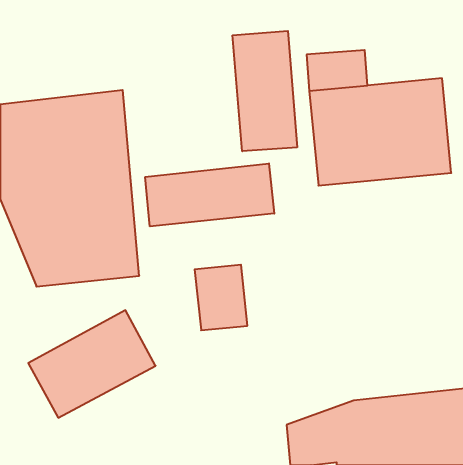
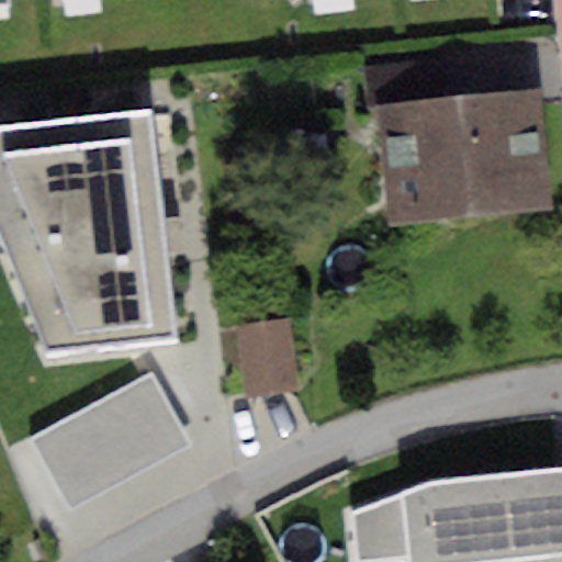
building: [233,31,297,151] -> none
building: [145,163,274,226] -> none

